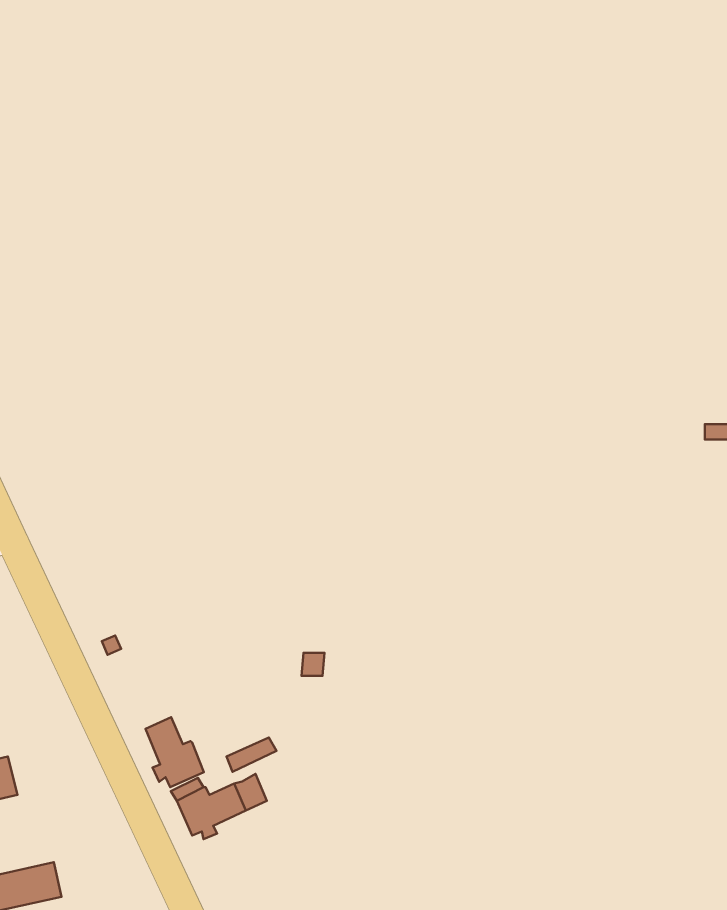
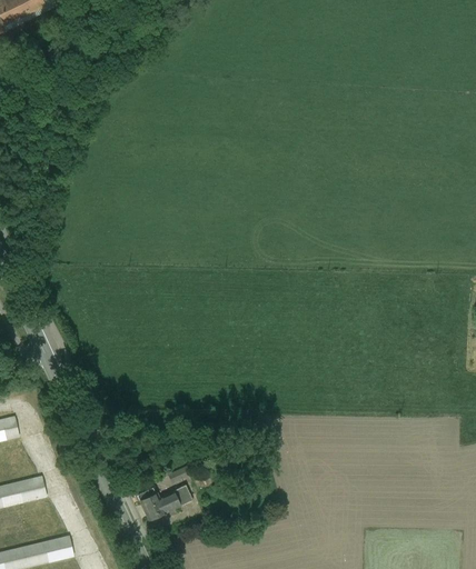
building: [145,717,204,787] -> none

